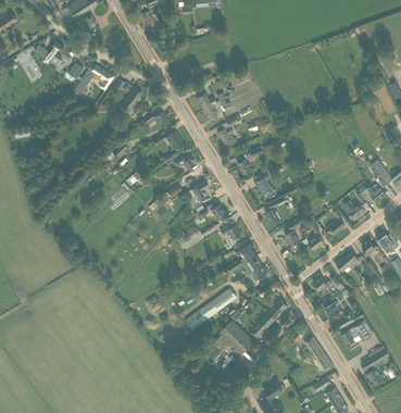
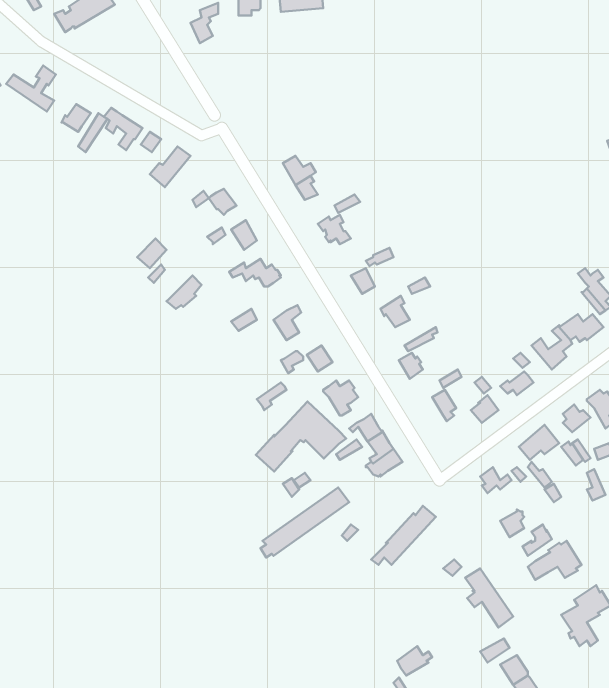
building: [201,320,254,361] -> [256,402,346,472]

